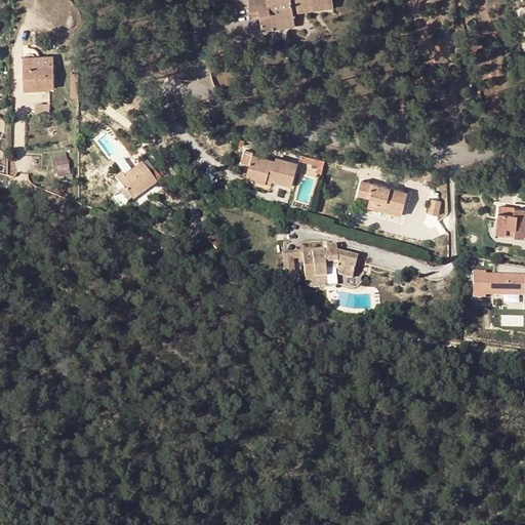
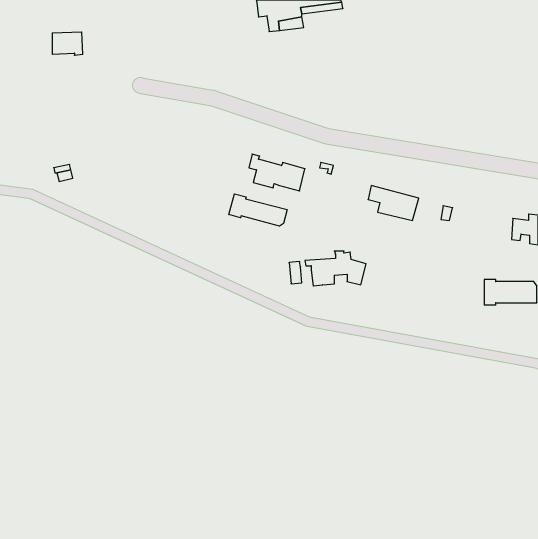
building: [24,66,53,88] -> [52,32,83,55]
building: [115,162,156,201] -> none
building: none -> [229,194,287,226]

